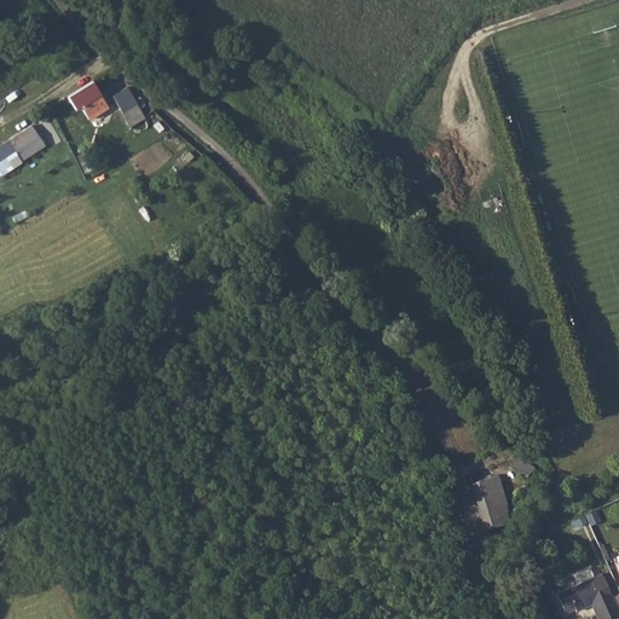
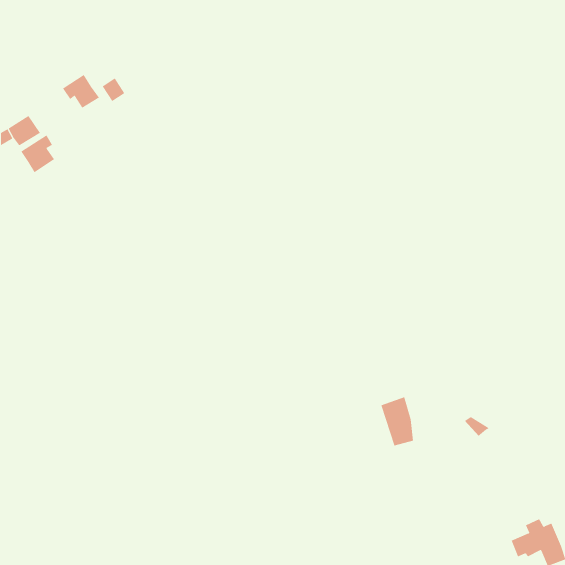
building: none -> [21,134,55,173]
building: [472,475,508,530] -> [381,396,414,446]

